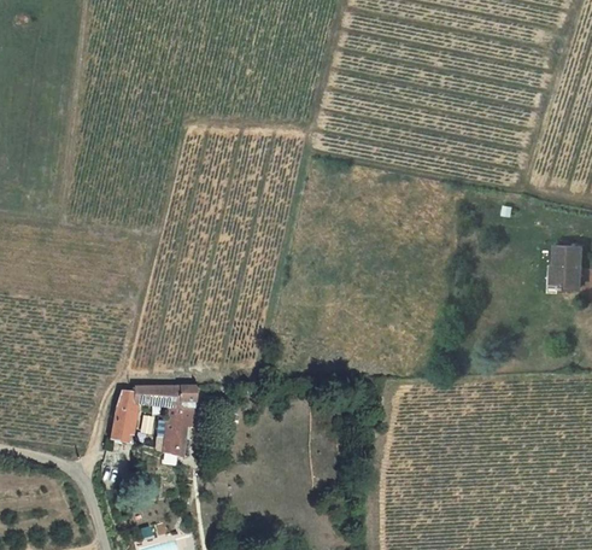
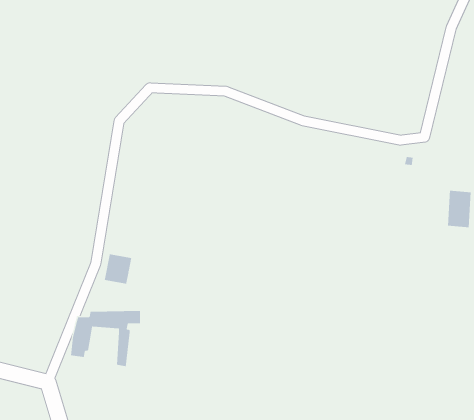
building: none -> [104,254,132,284]

